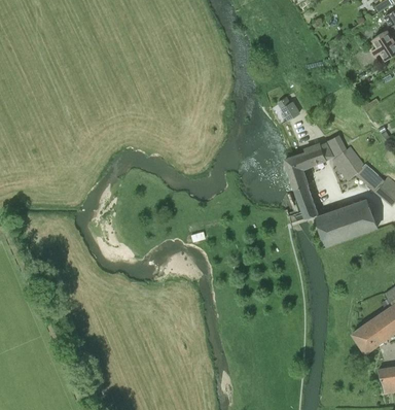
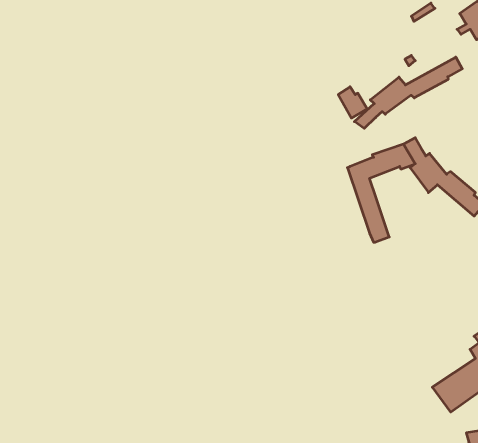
building: none -> [354,57,462,128]
building: [317,200,378,245] -> none

